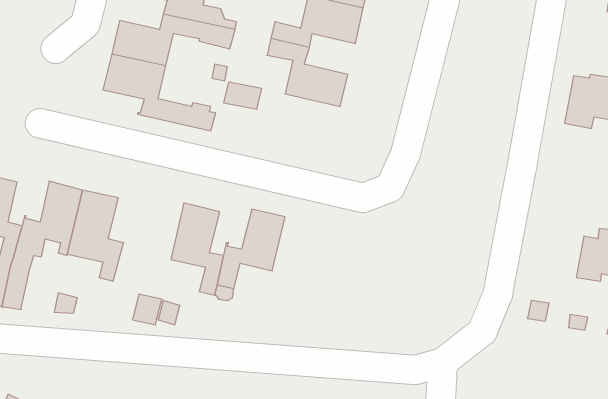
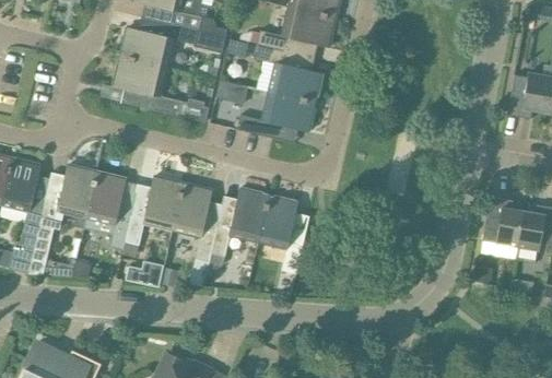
building: none -> [236,90,315,138]
building: none -> [121,176,181,249]
building: none -> [257,194,303,273]
building: none -> [481,196,522,246]

